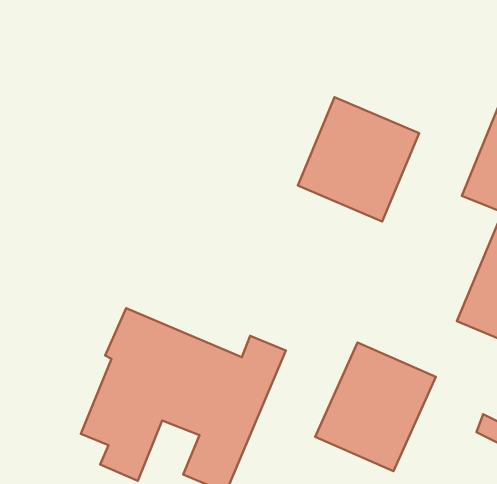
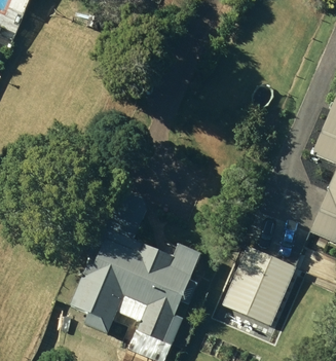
building: [298,97,419,222] -> none

